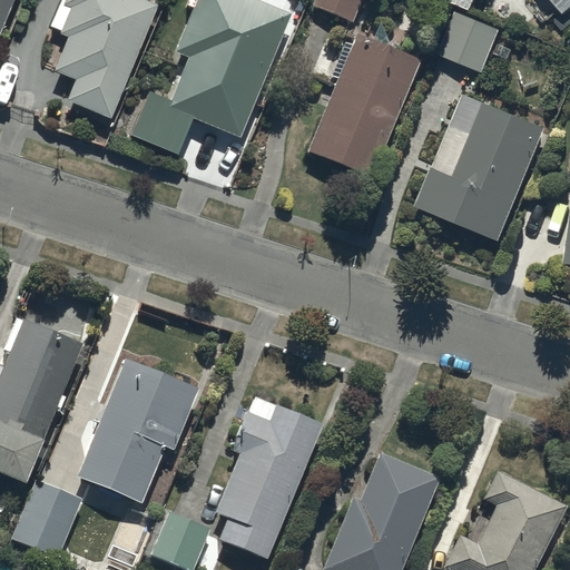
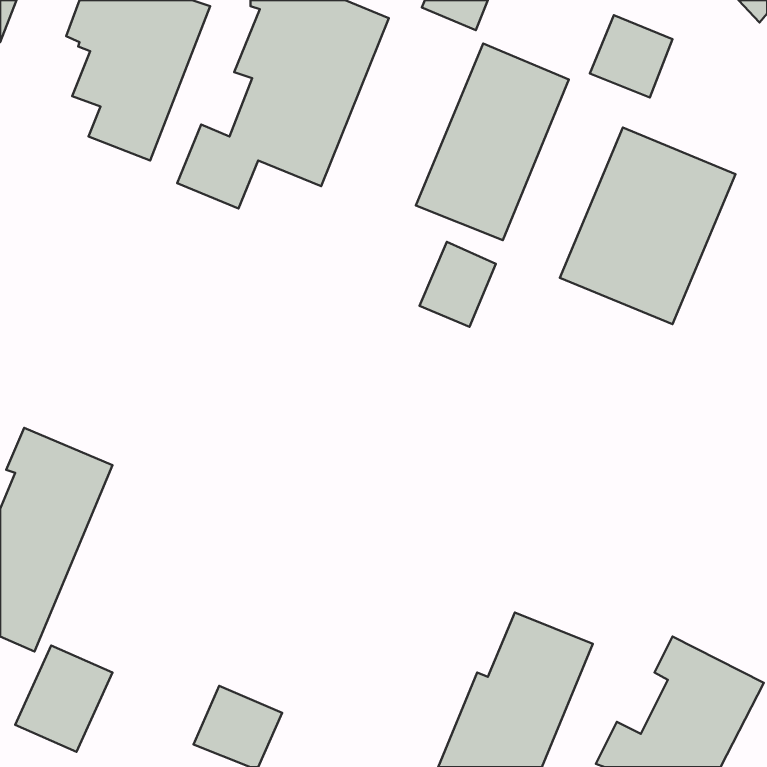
building: none -> [420,242,496,327]
building: [77,360,199,503] -> none
building: [215,396,322,559] -> none

